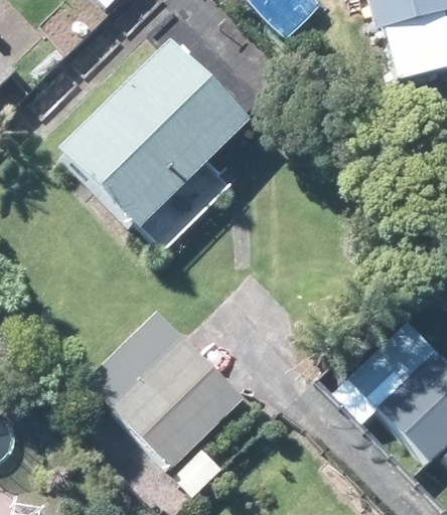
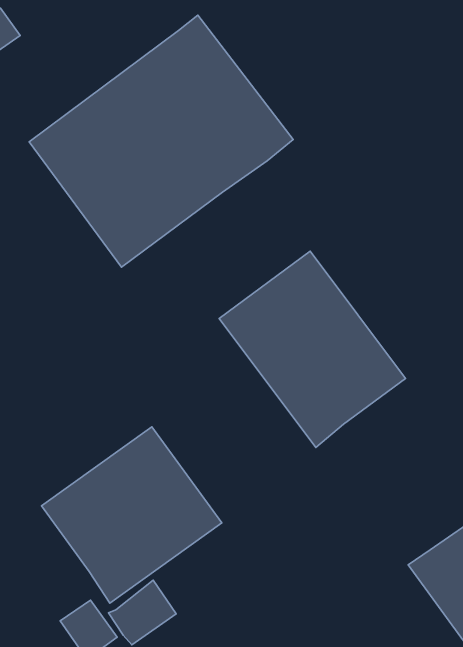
building: none -> [219,251,406,447]

